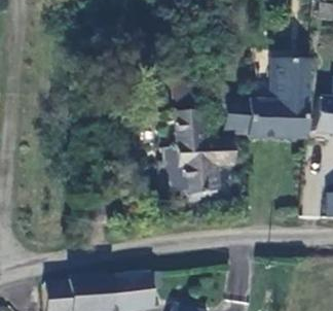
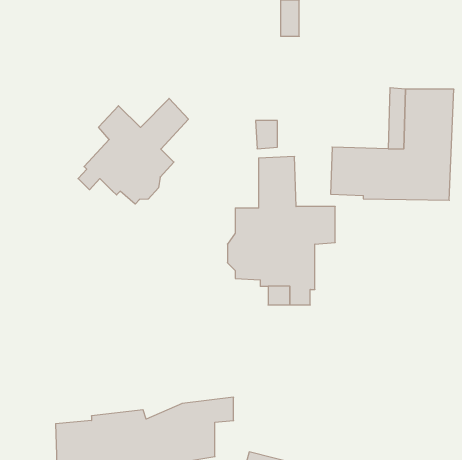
building: none -> [78,98,188,204]

